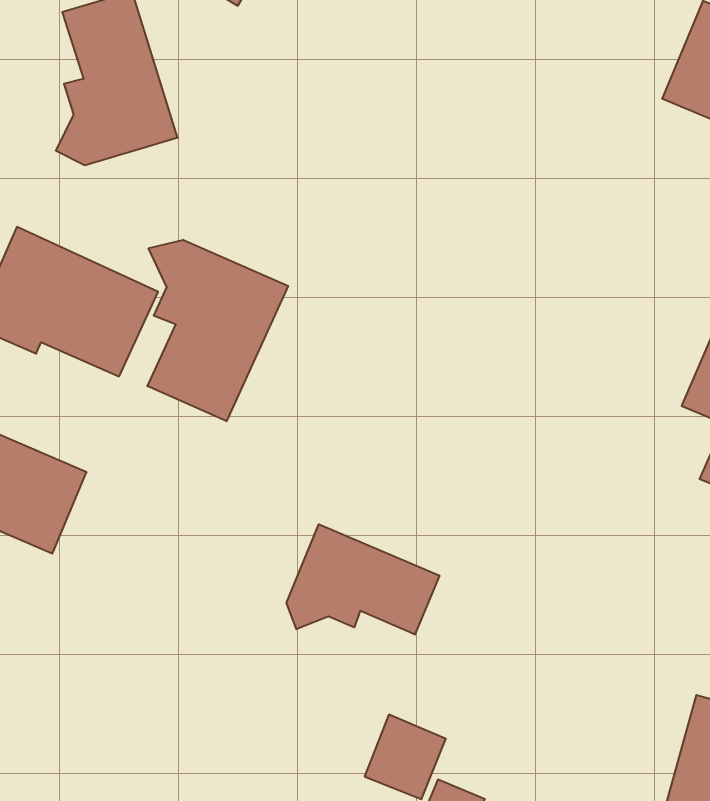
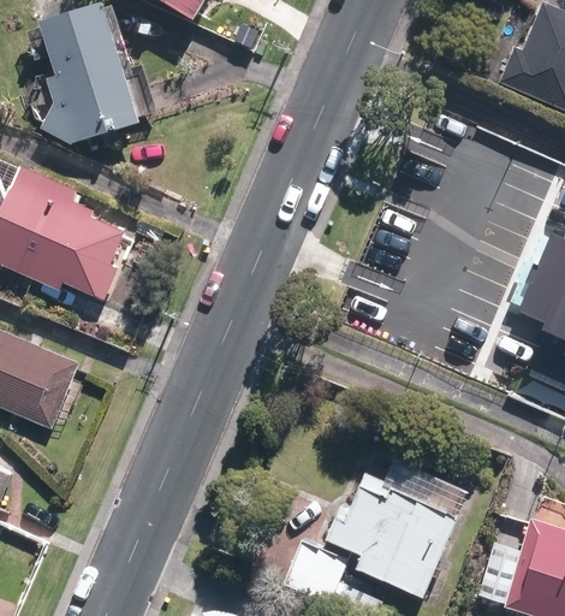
building: [147,240,288,421] -> none
building: [287,524,439,635] -> none
building: none -> [335,470,462,602]

